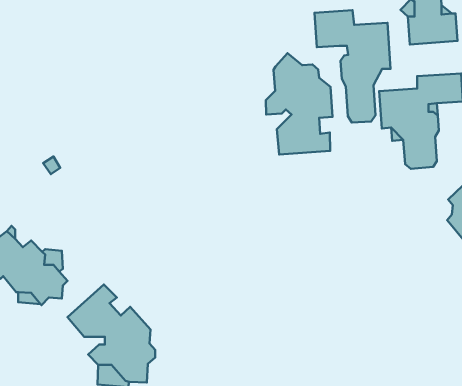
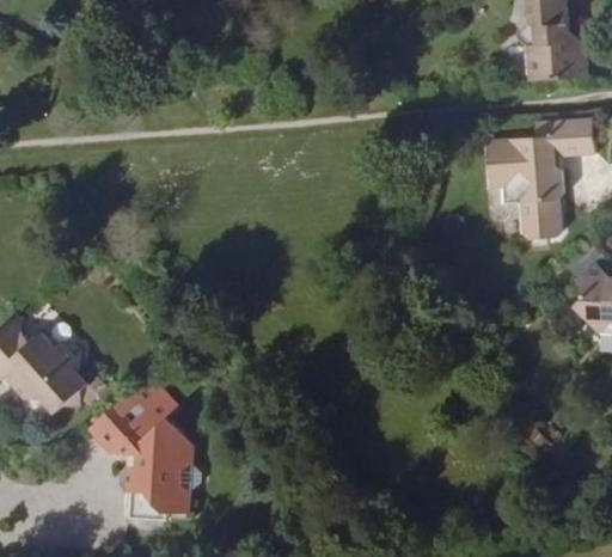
building: [315,10,390,122] -> none
building: [266,53,332,155] -> none

